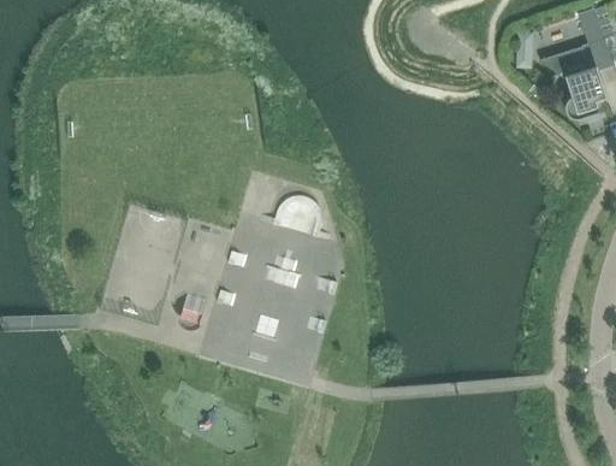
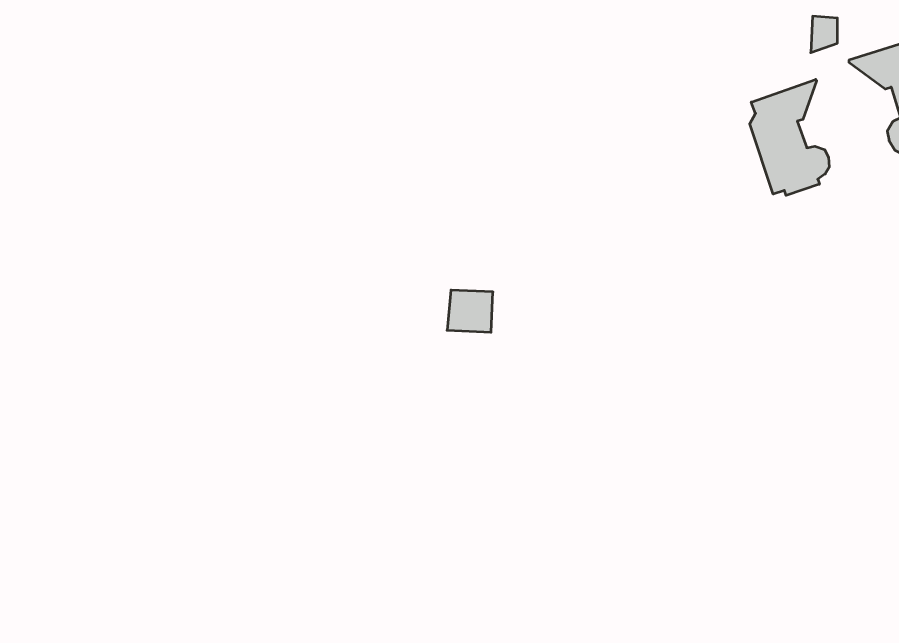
building: none -> [750,79,829,195]

